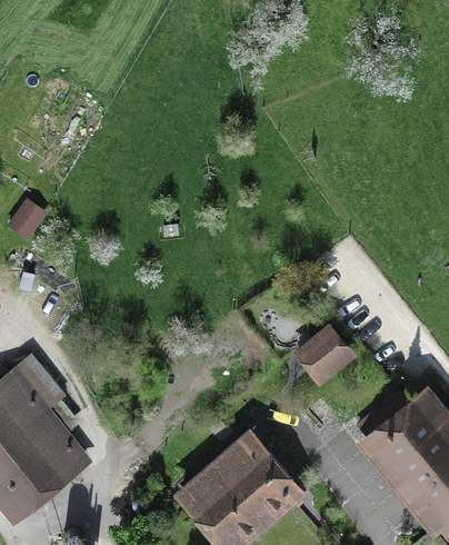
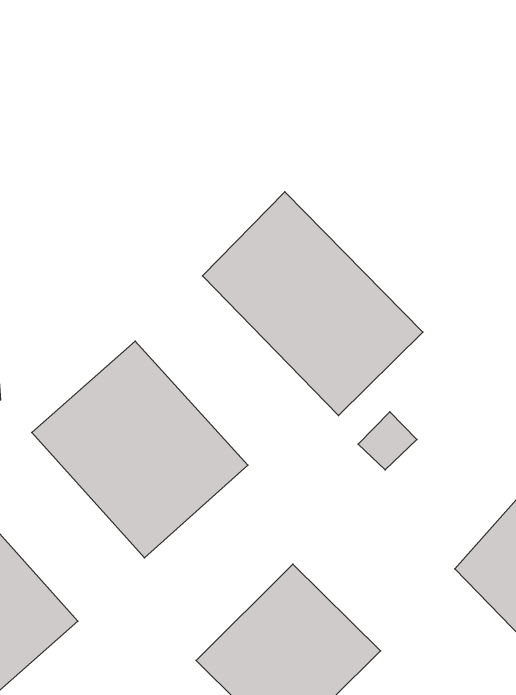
building: none -> [202,192,423,416]
building: none -> [32,341,248,558]

